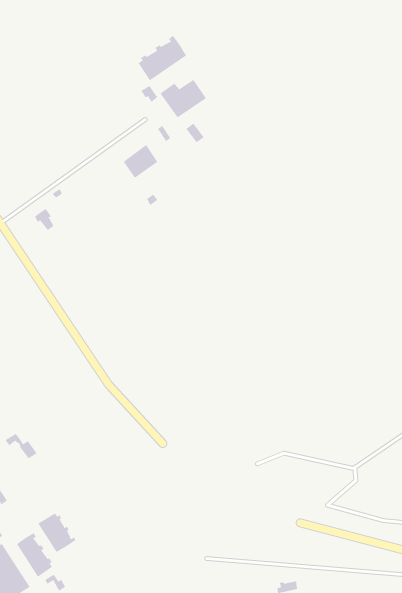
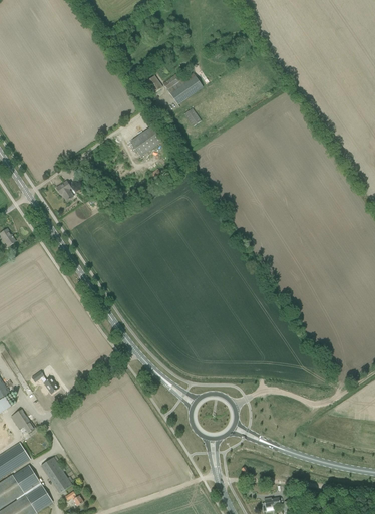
building: [138,35,187,81] -> none
building: [38,513,76,553] -> none

